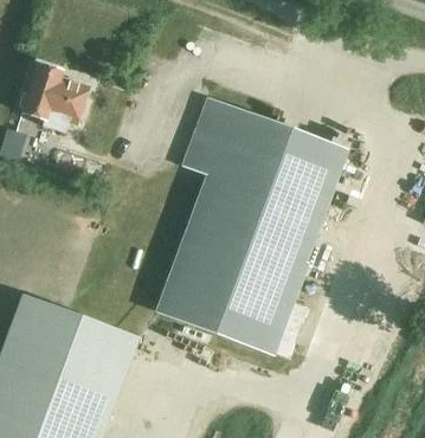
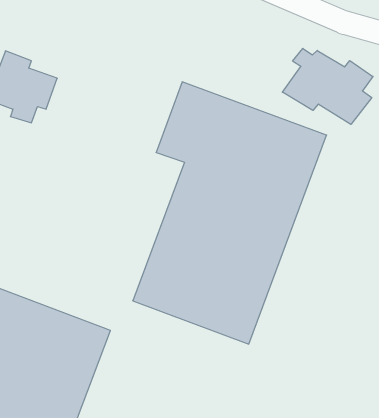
building: none -> [282,48,373,124]

